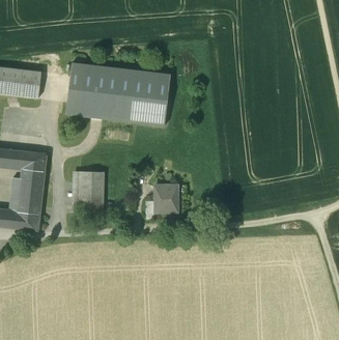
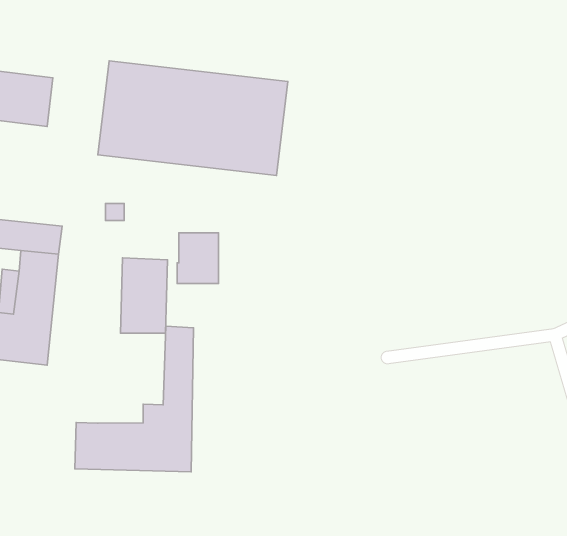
building: [154,185,177,212] -> [177,233,218,284]
building: none -> [75,326,193,472]

